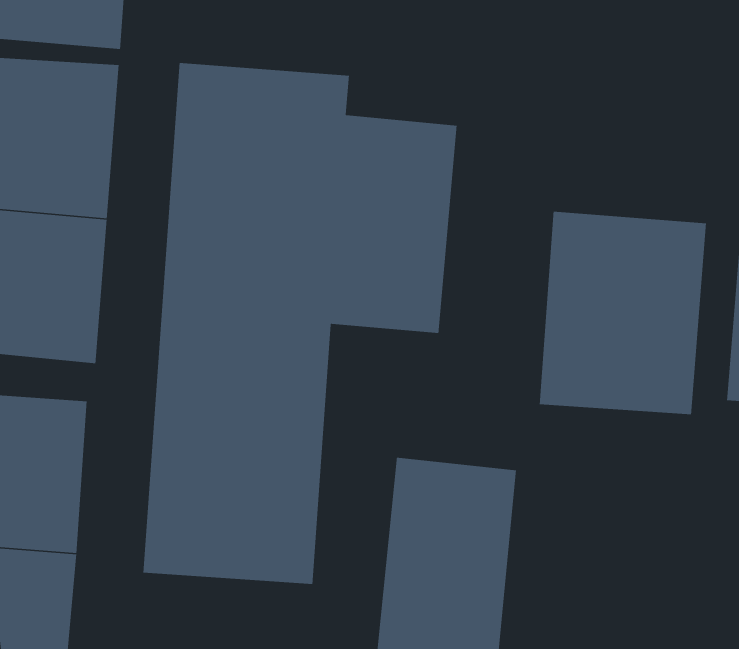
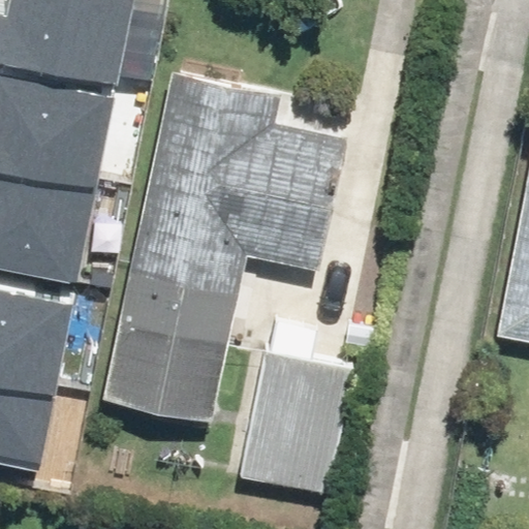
building: [539,211,707,415] -> none

